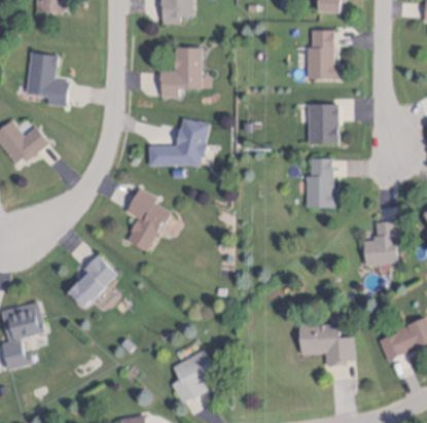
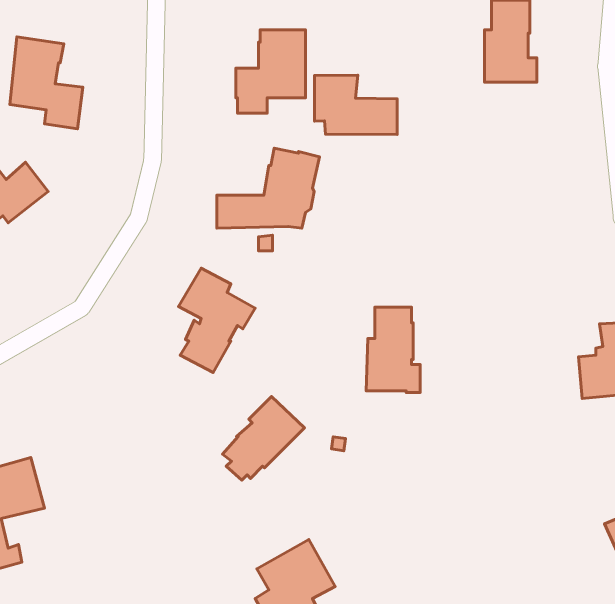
building: none -> [315,75,397,134]
building: [308,105,339,144] -> none
building: [306,158,337,209] -> [366,307,420,392]
building: [69,256,117,306] -> [223,397,304,480]
building: [299,323,356,366] -> none

